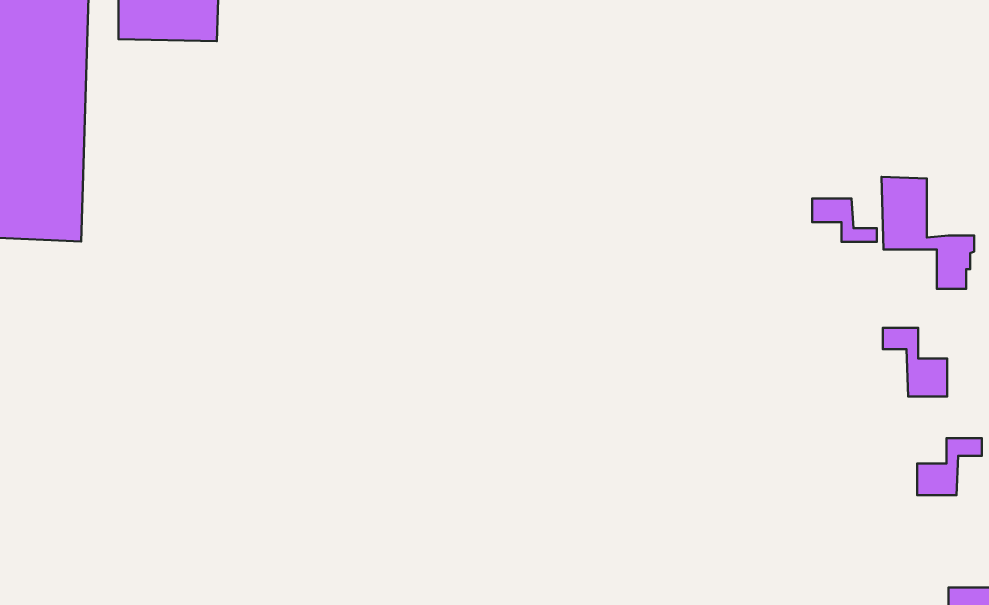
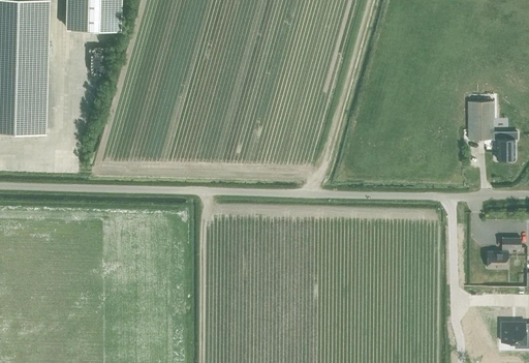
building: [812,198,877,242] -> none
building: [883,328,947,397] -> none

